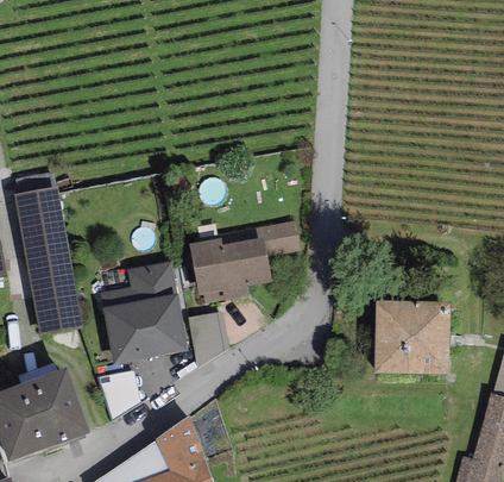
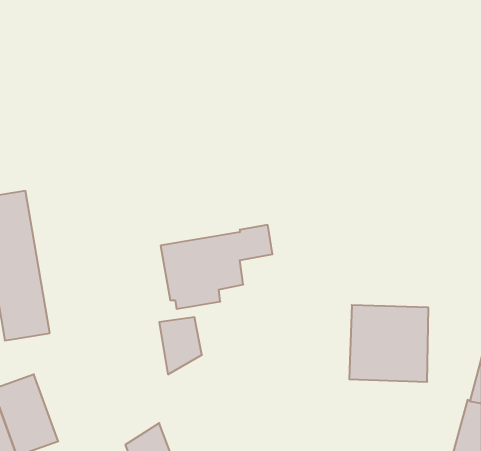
building: [102,262,187,364] -> none
building: [96,370,140,421] -> none

